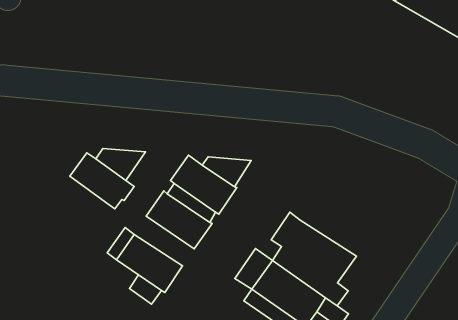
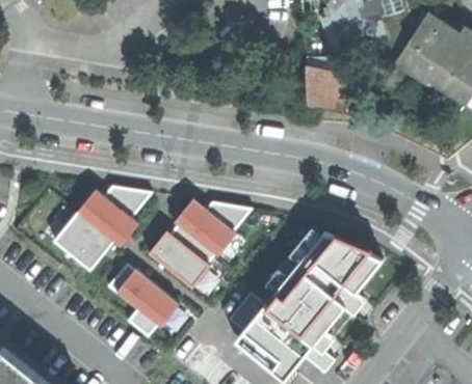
building: none -> [307,70,363,115]
building: none -> [54,210,114,269]
building: none -> [290,228,384,313]

